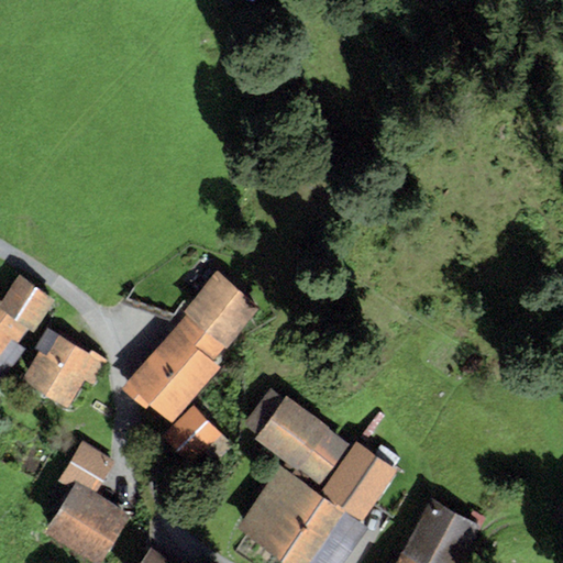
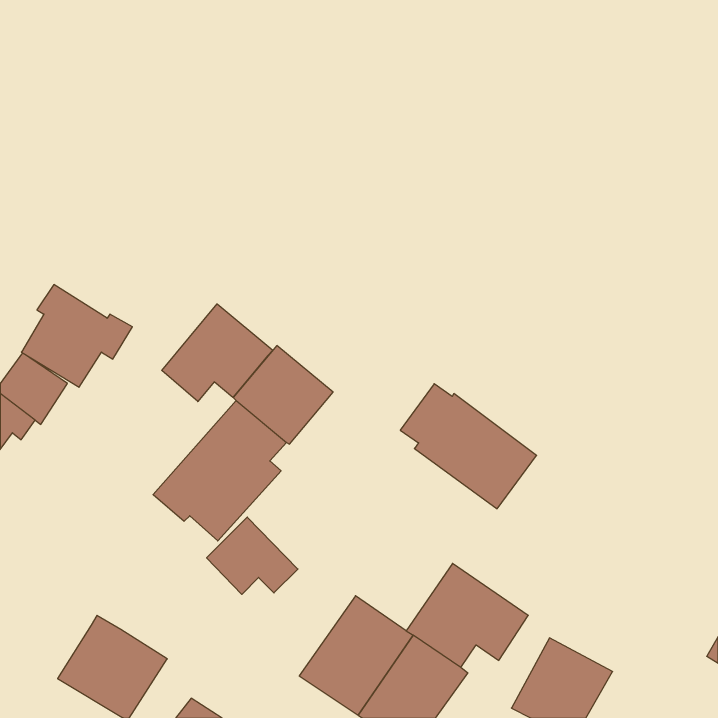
building: none -> [162,304,273,402]
building: [21,328,108,408] -> [21,285,132,387]
building: [243,388,350,486] -> [400,384,537,509]
building: [57,441,114,493] -> none

